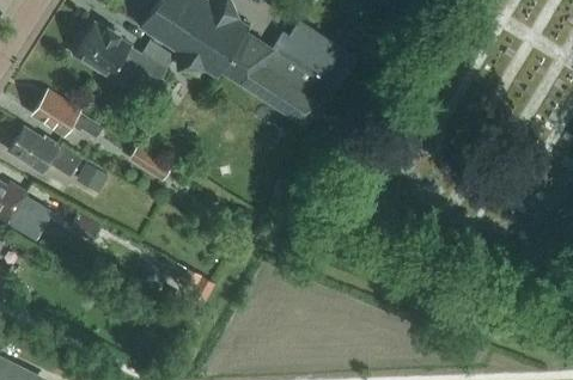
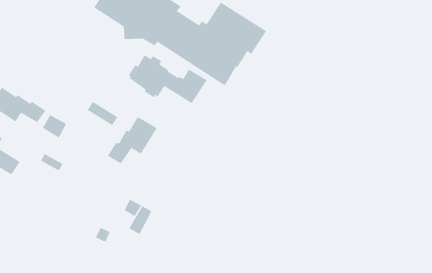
building: [73,24,173,86] -> [128,55,207,104]
building: [32,91,104,137] -> none
building: none -> [107,116,157,164]

